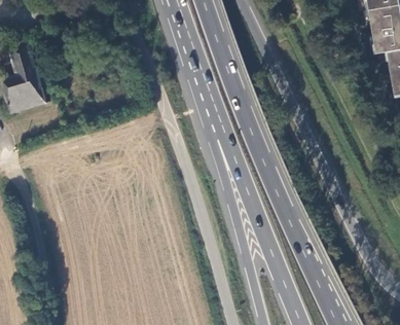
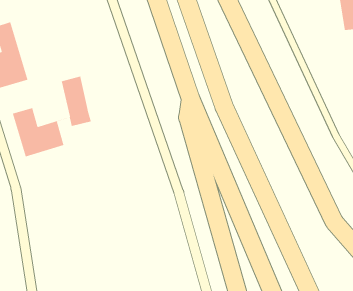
building: none -> [12,75,92,158]

